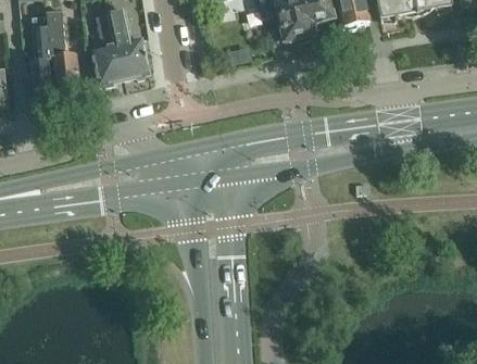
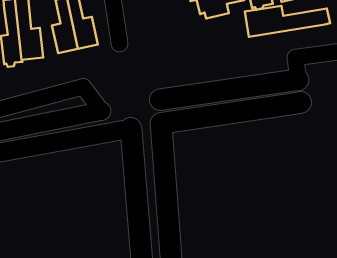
building: none -> [245,6,330,37]

